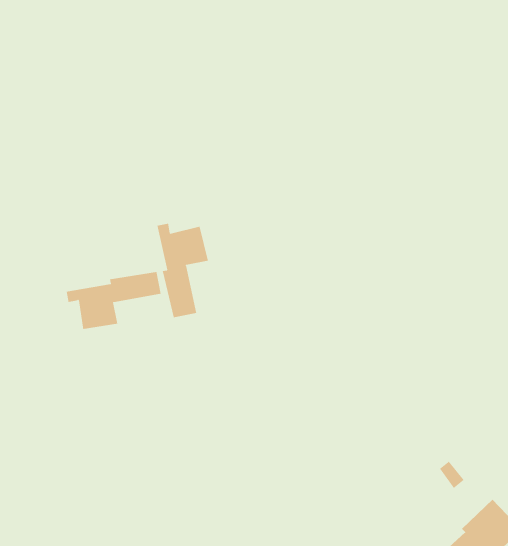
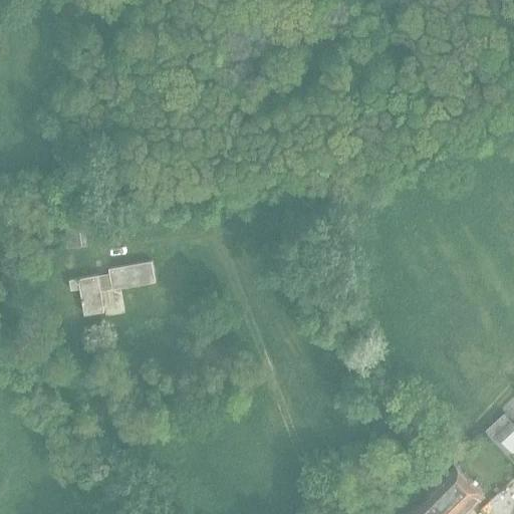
building: [157,223,209,318] -> none

